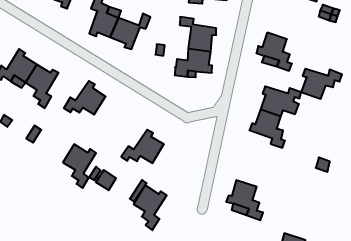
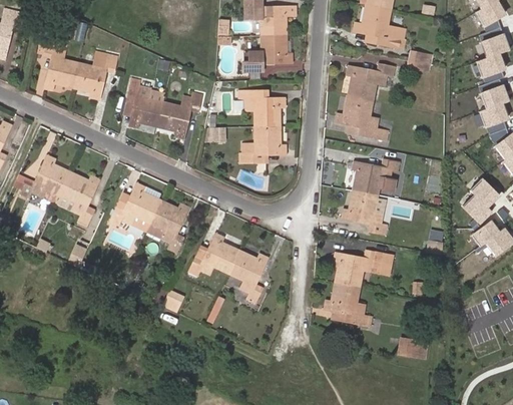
building: [301,69,342,99] -> [346,63,394,100]
building: [63,144,96,188] -> [148,199,187,252]
building: none -> [326,251,391,286]
building: [134,185,167,230] -> [227,249,267,303]

